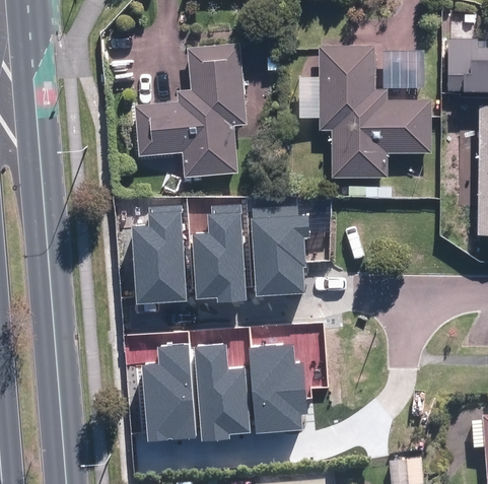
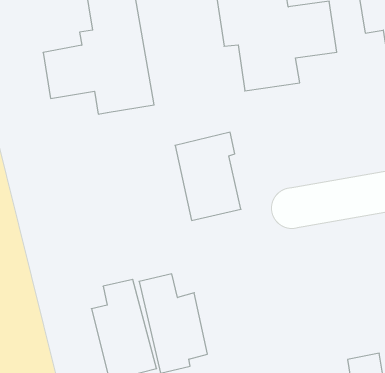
building: [133,204,188,301] -> none
building: [193,212,249,302] -> none
building: [251,344,308,433] -> none

